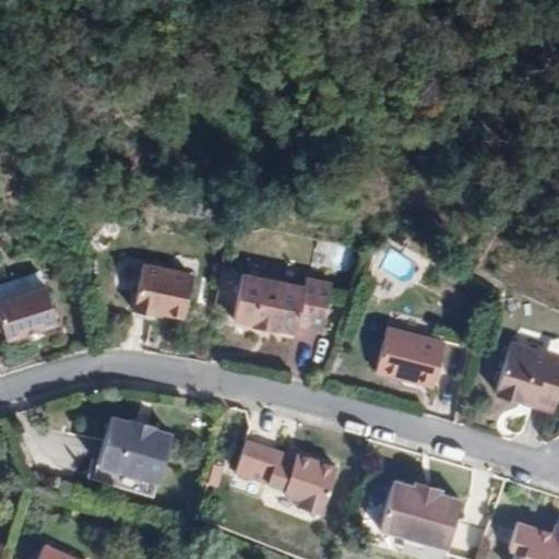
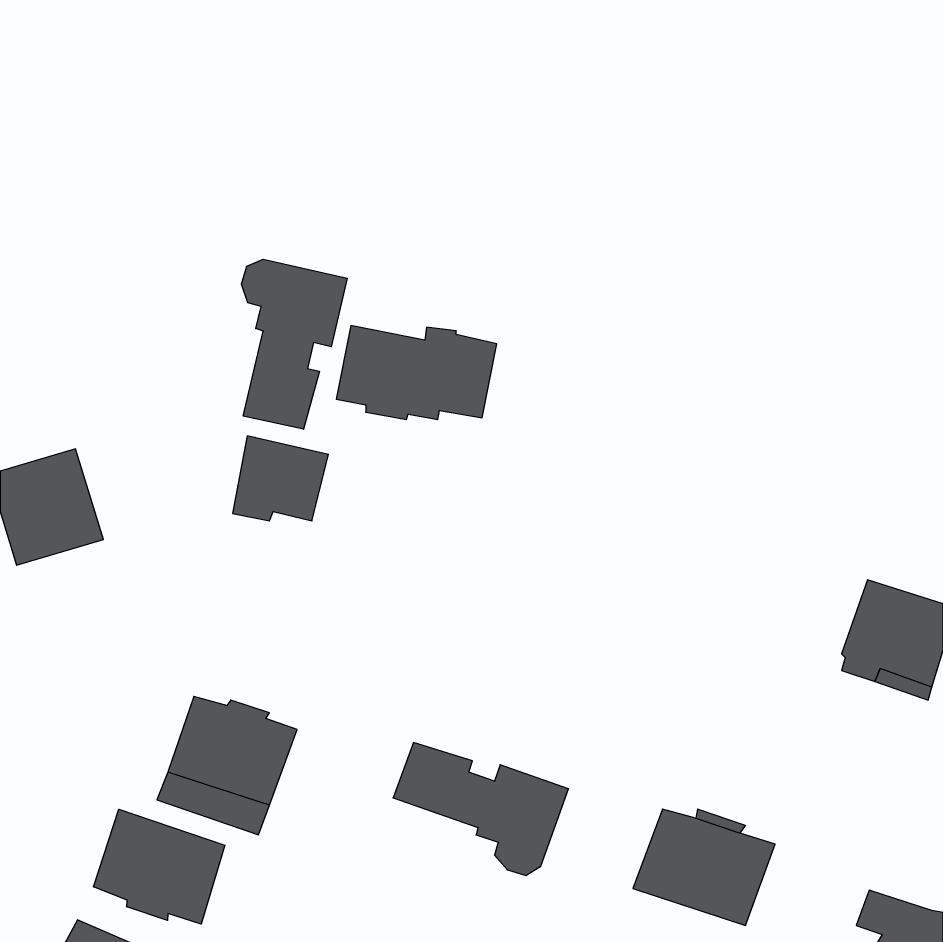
building: none -> [242,259,347,429]
building: [234,276,329,332] -> [336,325,497,420]
building: [376,330,451,384] -> none
building: none -> [93,809,225,924]

